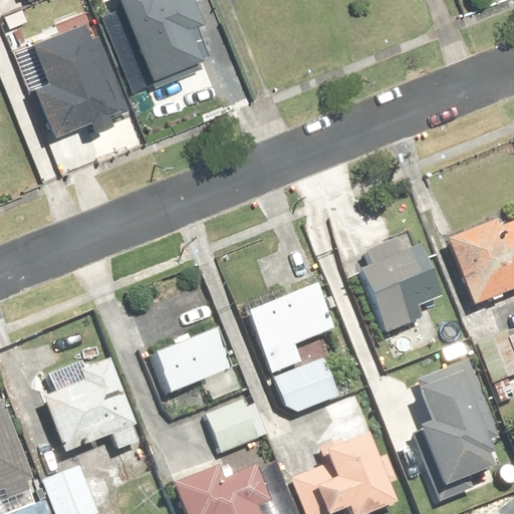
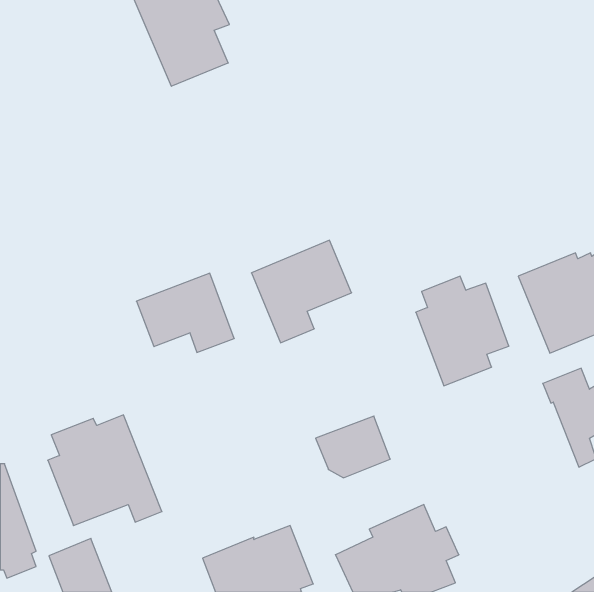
building: [33,15,132,127] -> none
building: [247,283,333,371] -> [251,240,352,343]
building: [156,330,240,399] -> [136,273,234,352]
building: [417,359,498,484] -> none
building: [206,399,258,453] -> none

